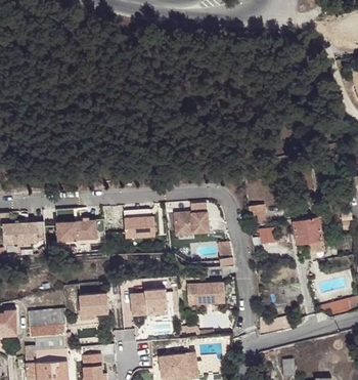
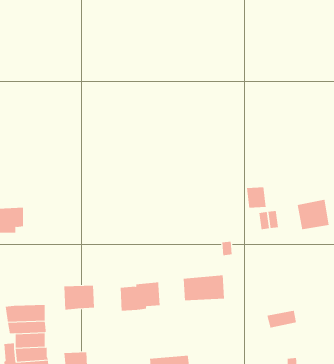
building: [178,205,214,236] -> none
building: [124,217,153,239] -> none
building: [57,219,97,242] -> none

